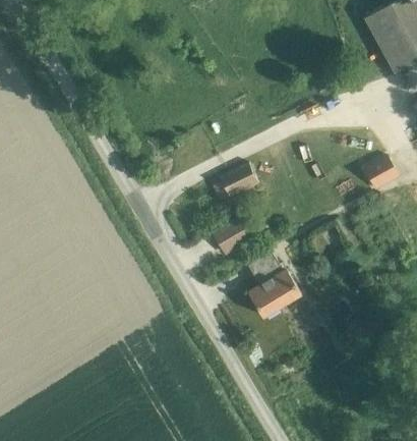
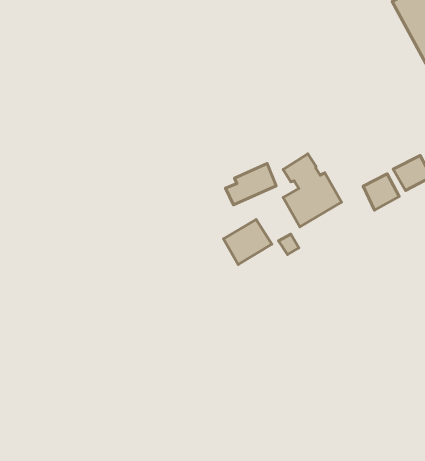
building: none -> [363,174,399,210]
building: [248,252,301,318] -> [283,154,342,227]

